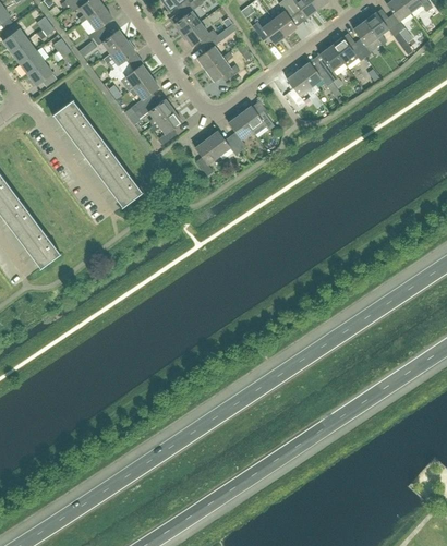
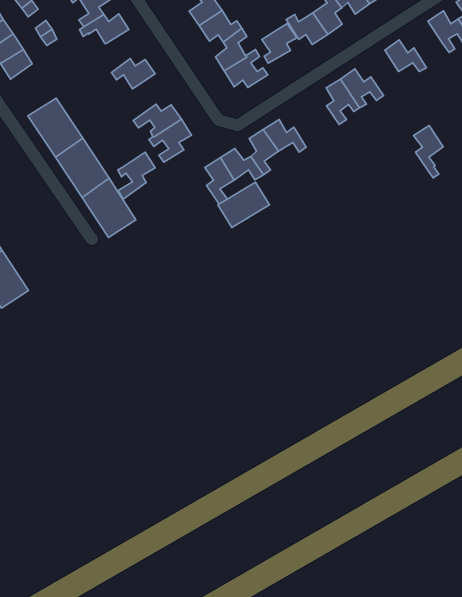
building: [353,21,377,58] -> none
building: none -> [262,23,297,63]
building: [102,41,135,78] -> none
building: [319,46,343,87] -> [414,125,443,178]
building: [130,75,159,113] -> [118,152,155,199]
building: none -> [218,182,269,227]

